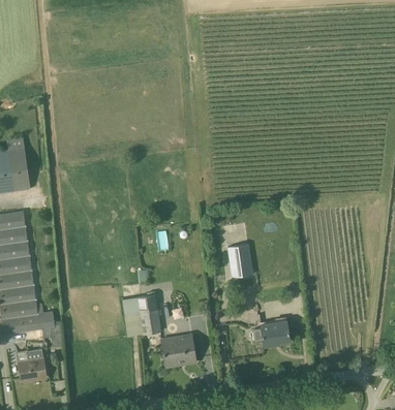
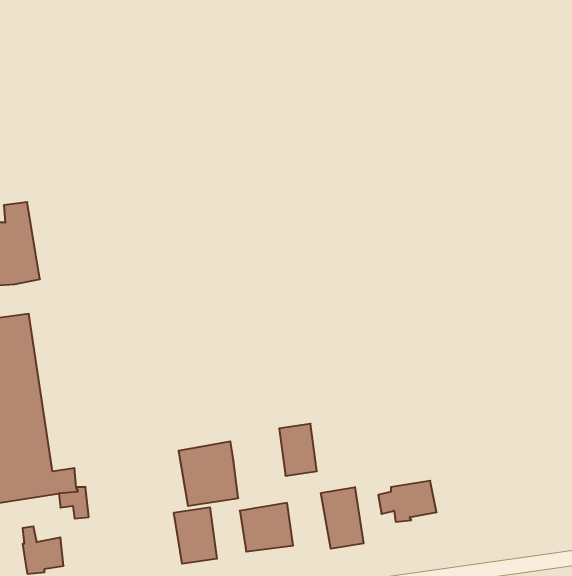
building: [227,244,252,278] -> [279,424,317,476]
building: none -> [321,487,364,549]
building: none -> [174,507,217,564]

